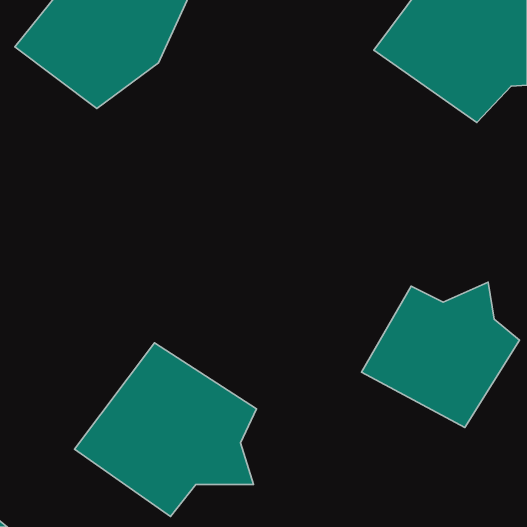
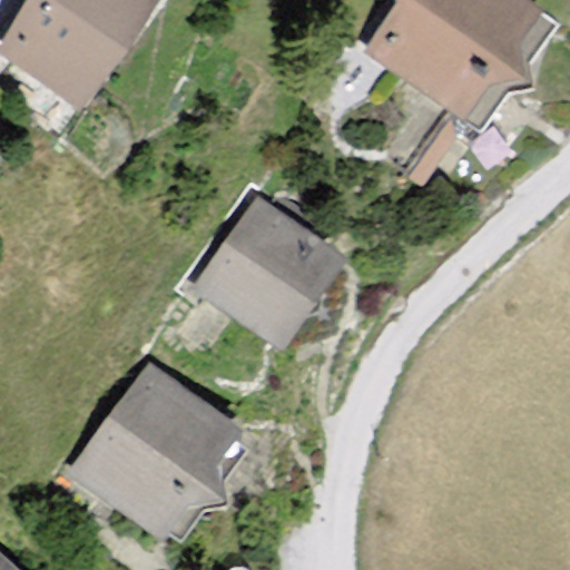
building: none -> [208,197,384,358]
building: [362,282,520,427] -> none

